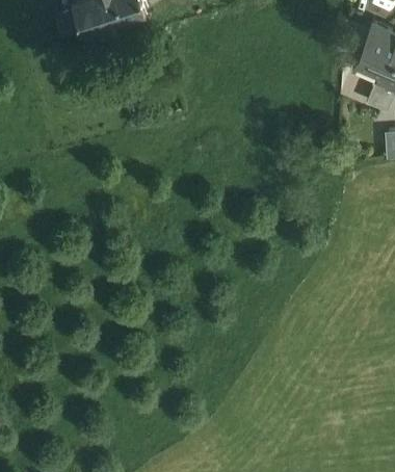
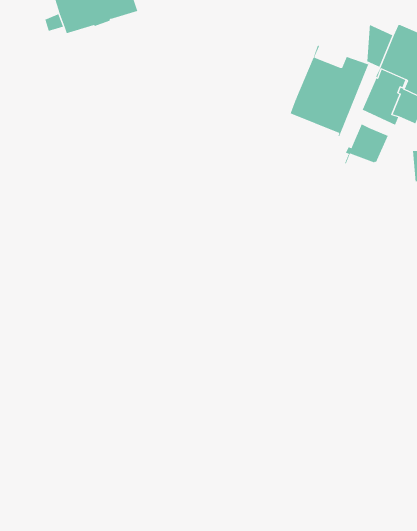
building: none -> [289,44,369,137]
building: none -> [344,123,389,164]

